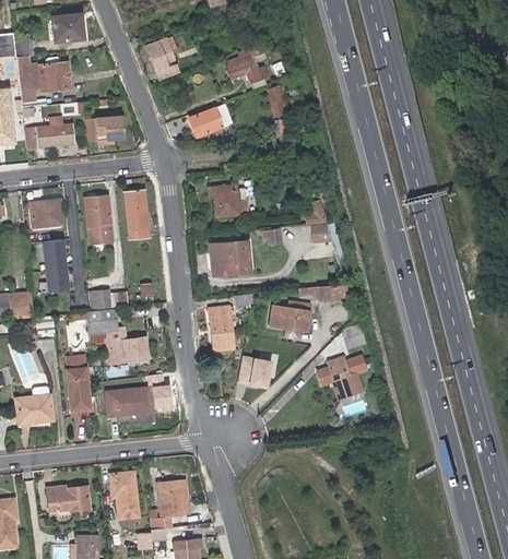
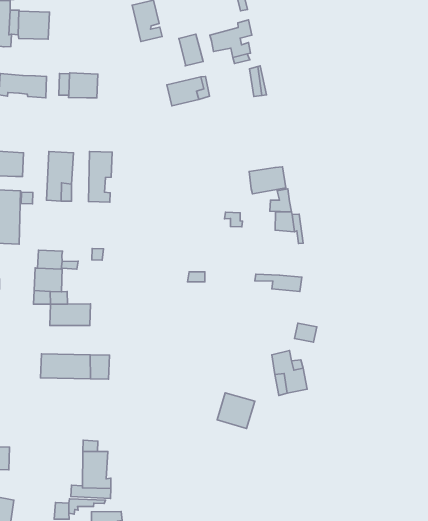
building: none -> [179,34,203,66]
building: none -> [249,167,286,194]
building: [213,186,247,216] -> none
building: [211,241,246,274] -> none
building: [269,300,316,332] -> none
building: [210,306,234,349] -> none
building: [67,355,90,409] -> none
building: [238,357,272,389] -> [217,393,255,429]
building: [111,472,140,520] -> none

